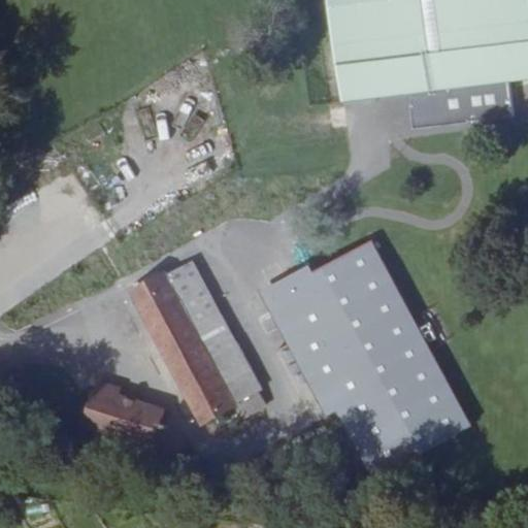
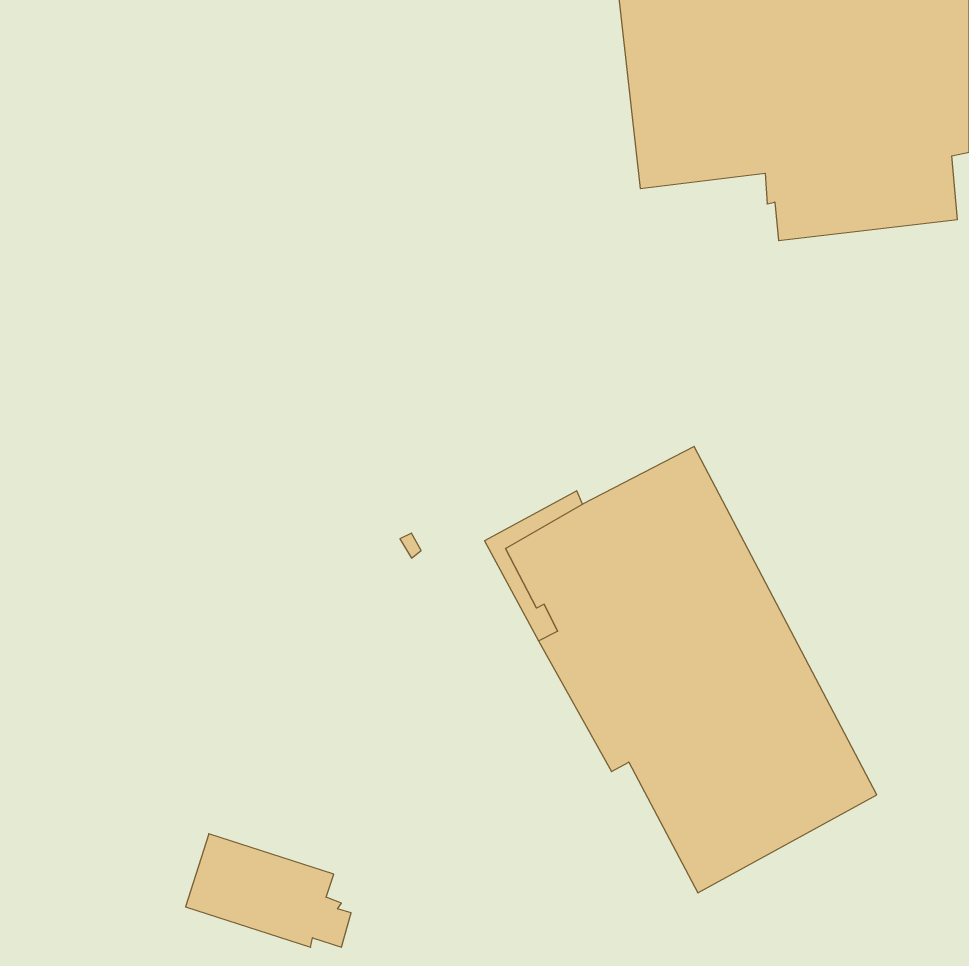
building: [128,260,259,422] -> none
building: [82,387,171,448] -> [186,834,351,947]

